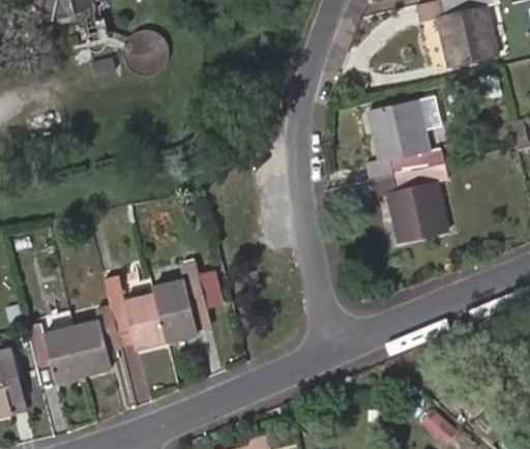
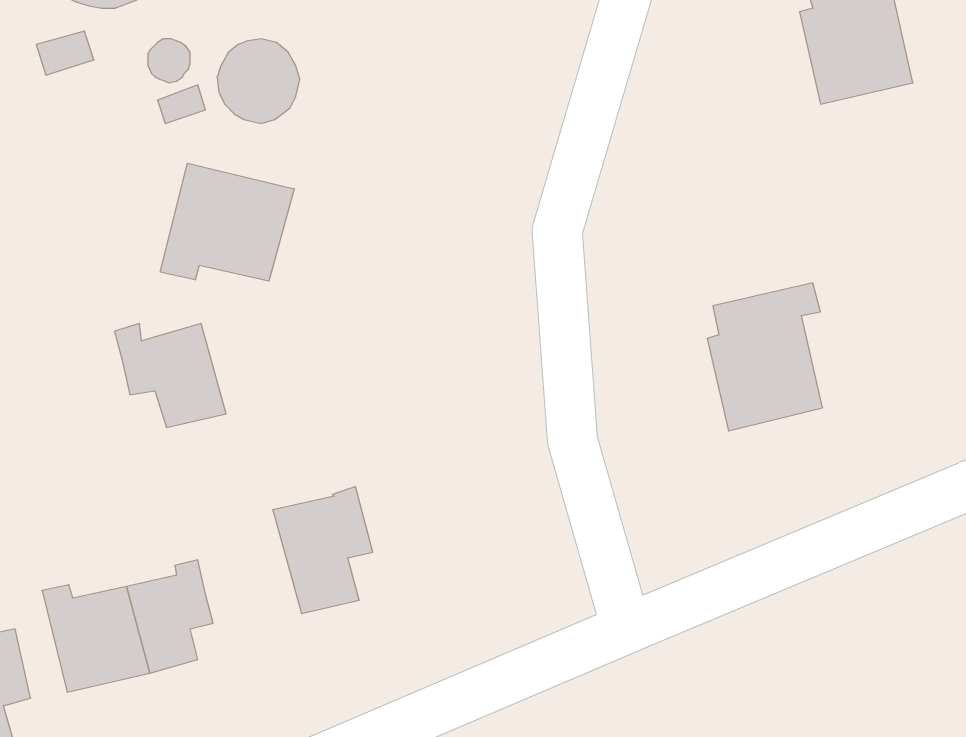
building: none -> [160,163,294,281]
building: [366,99,443,175] -> none
building: [108,292,168,348] -> [115,324,226,427]

